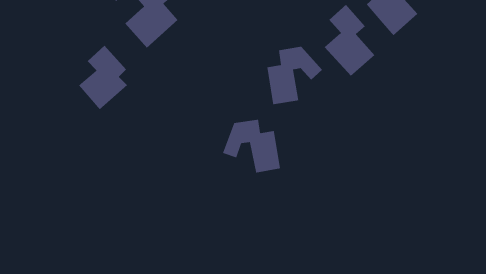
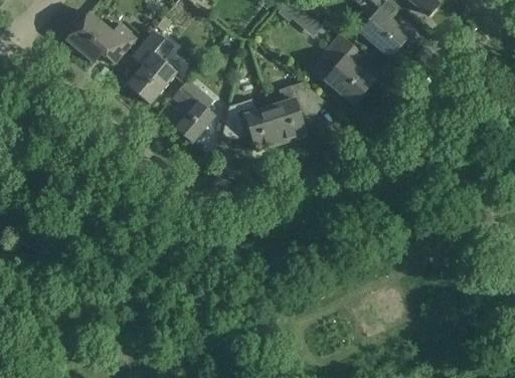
building: [78,45,128,110] -> [169,78,217,143]
building: [222,119,281,173] -> [223,98,283,151]

